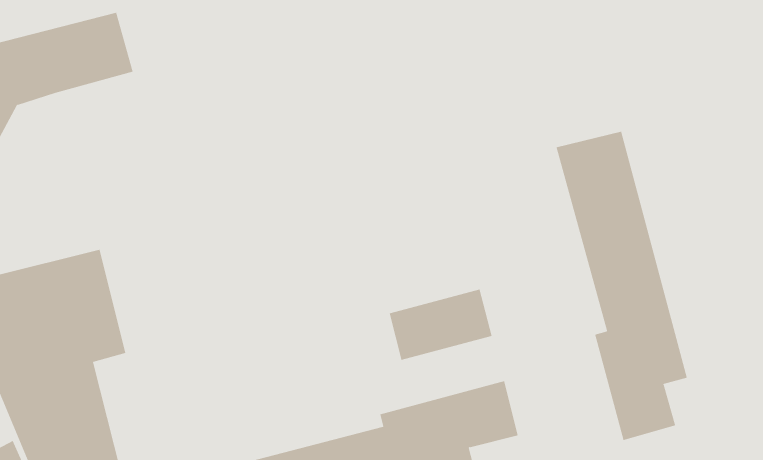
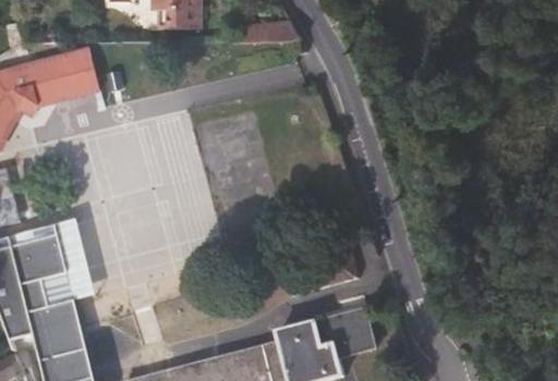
building: [556,131,687,441] -> none

